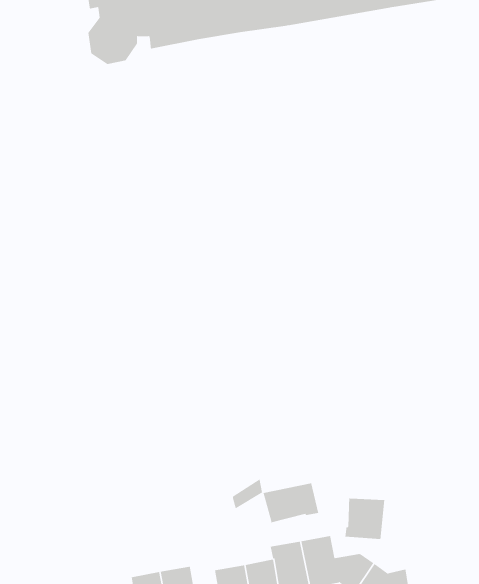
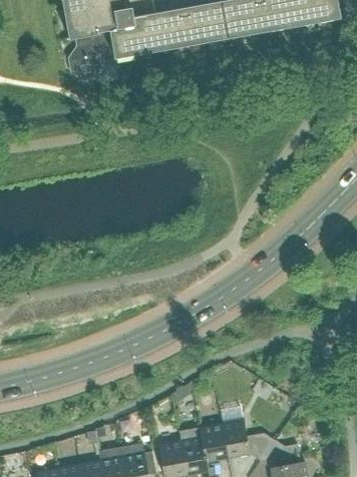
building: [263,482,319,523] -> none
building: [345,497,385,540] -> none

